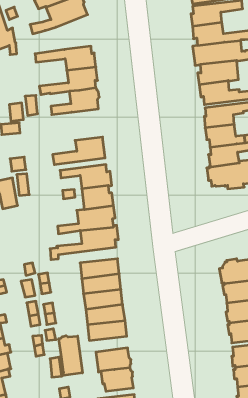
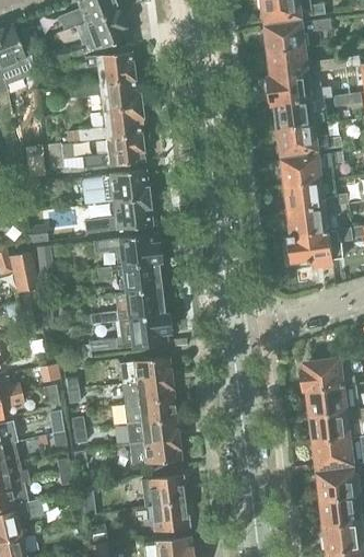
building: none -> [74,51,136,83]
building: none -> [81,170,149,205]
building: [59,336,82,375] -> none

